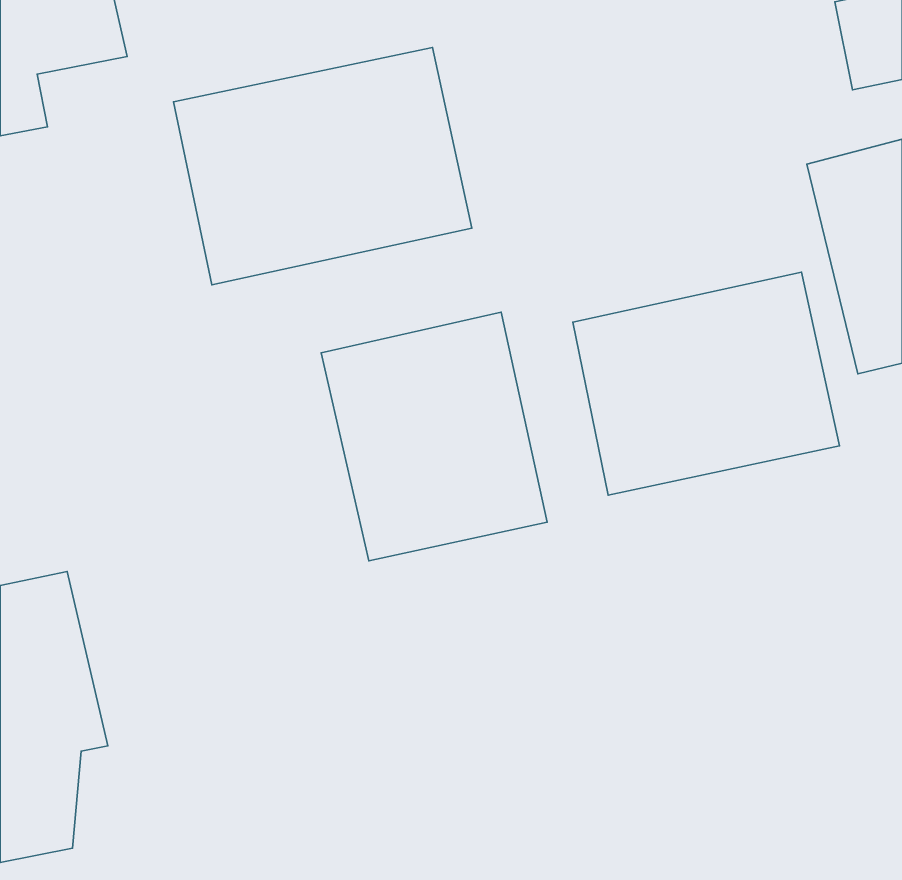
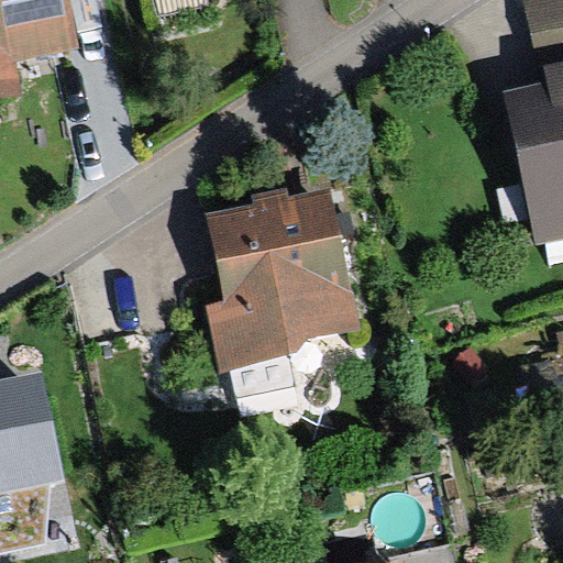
building: [174,48,472,285] -> none
building: [573,272,839,495] -> none

